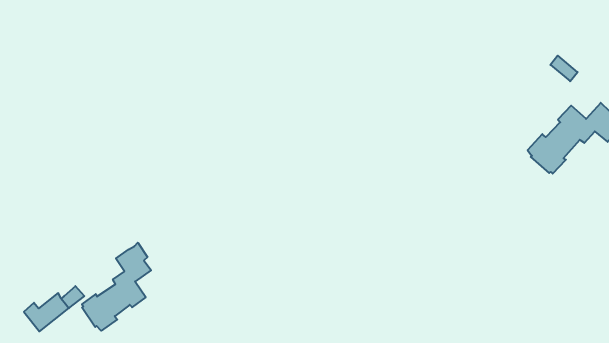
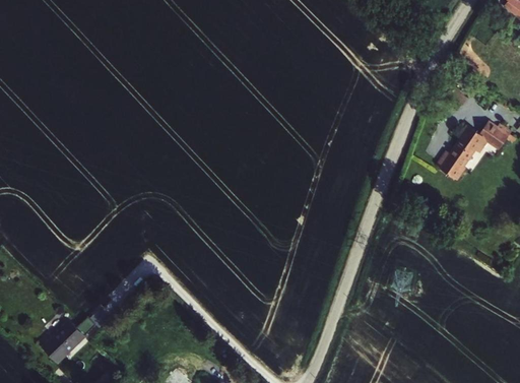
building: [82,243,151,331] -> none

